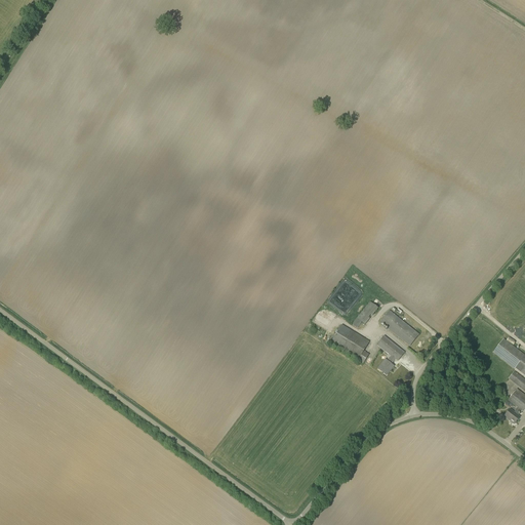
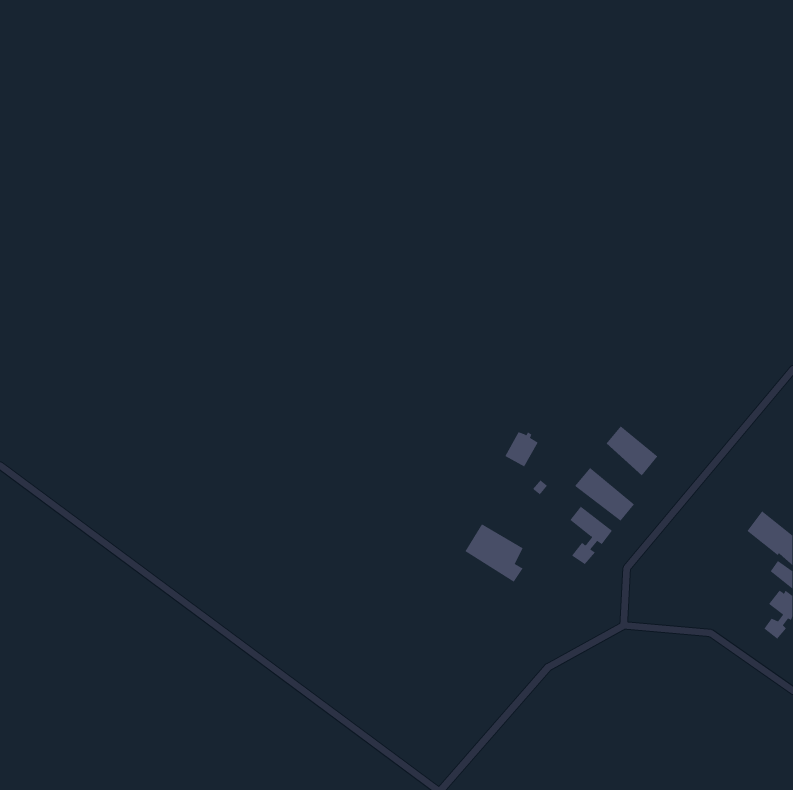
building: none -> [606,425,658,476]
building: [330,323,369,362] -> [464,523,523,582]

